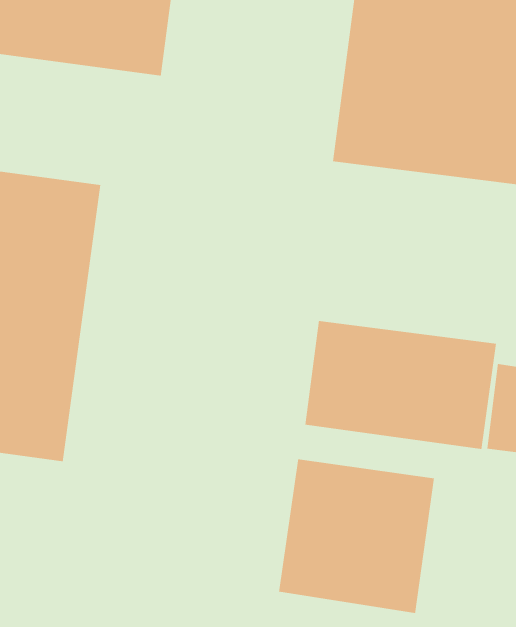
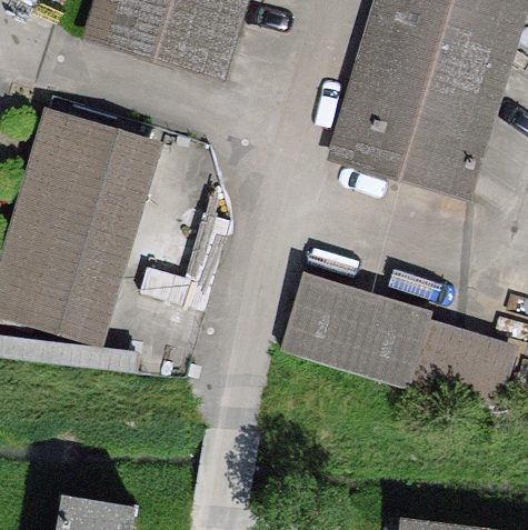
building: [278,459,434,614] -> none

